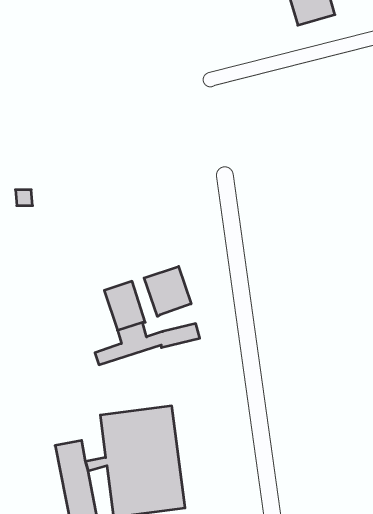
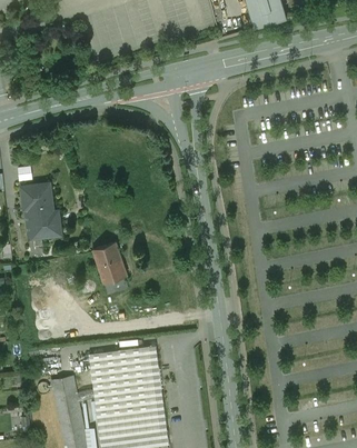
building: none -> [22,185,61,238]
building: [144,266,191,316] -> none

